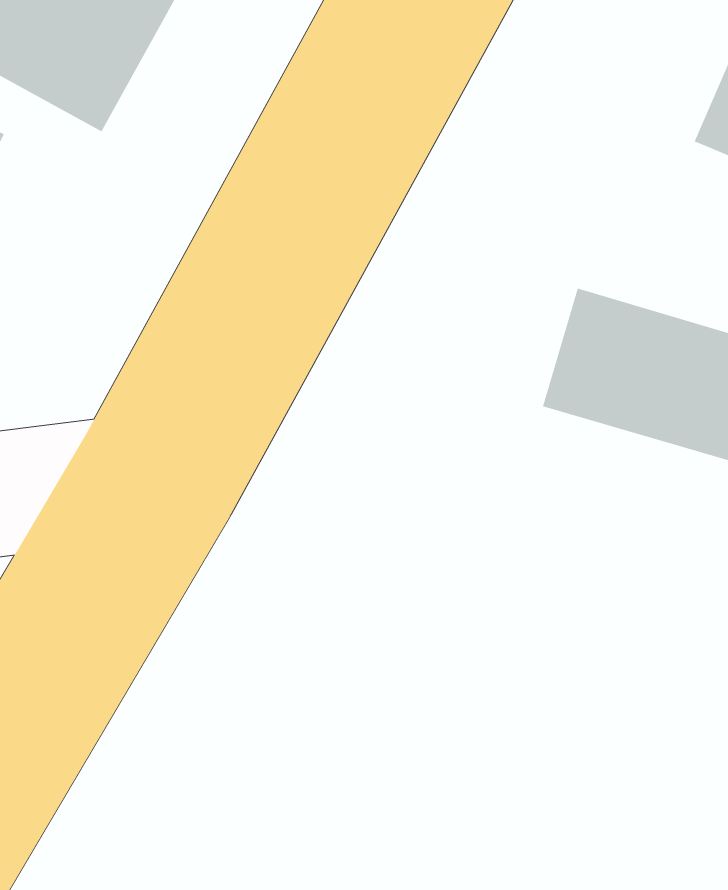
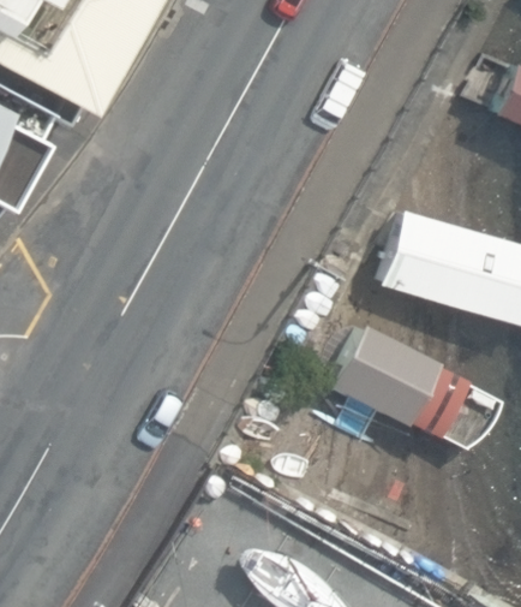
building: none -> [327,325,457,436]

